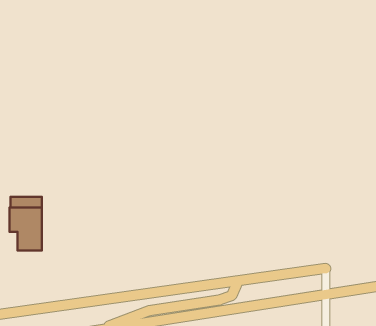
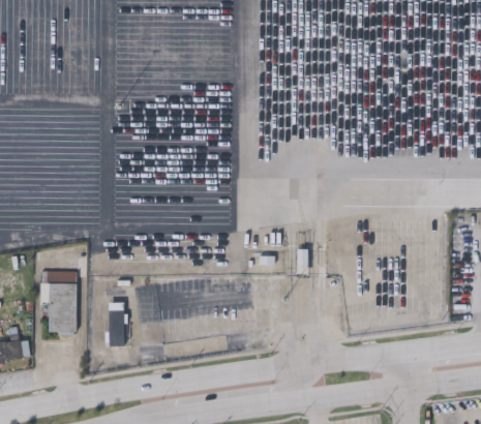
building: none -> [110,302,126,344]

